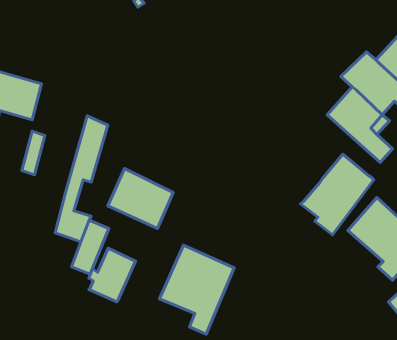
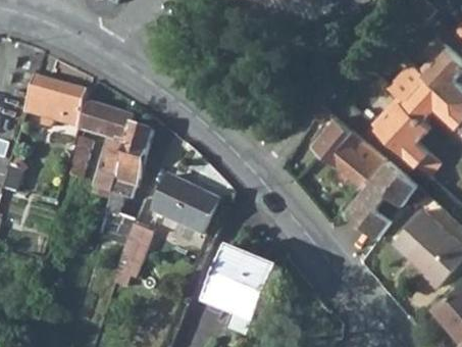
building: none -> [81,102,135,199]
building: none -> [313,119,384,187]
building: [89,248,135,302] -> none

